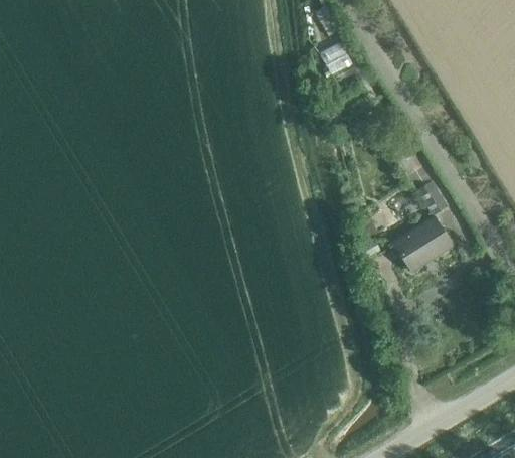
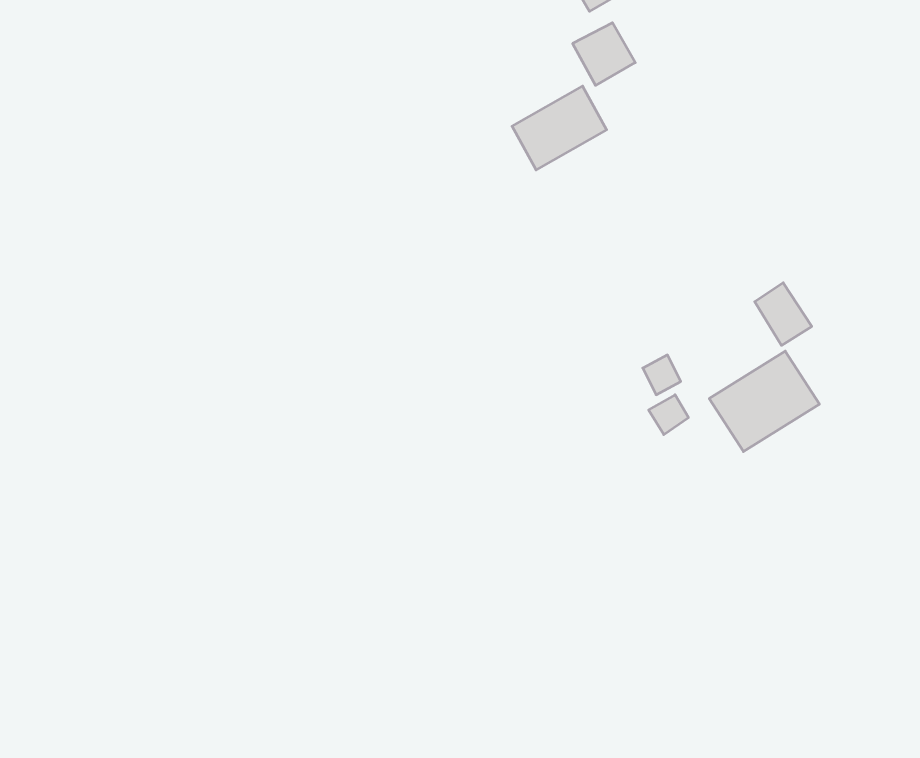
building: none -> [512,86,607,170]

